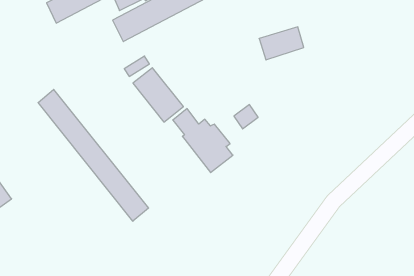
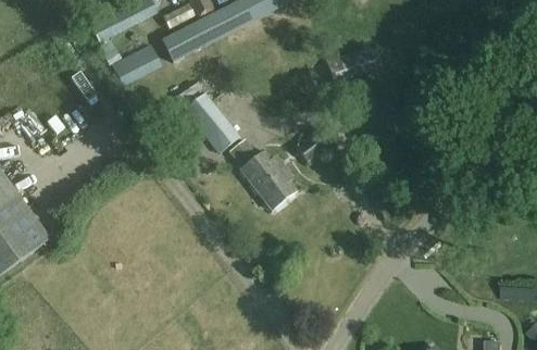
building: none -> [111,36,161,85]
building: [38,89,149,221] -> none

